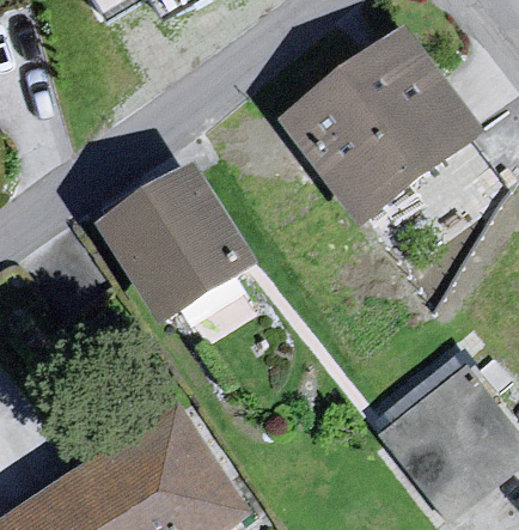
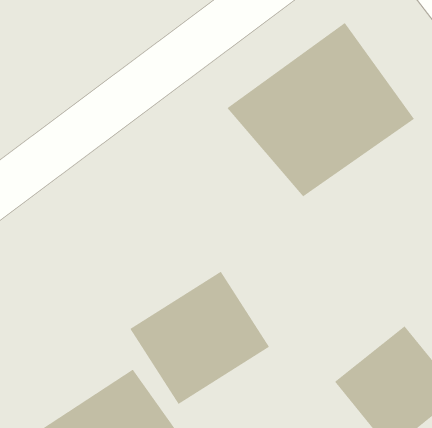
building: [91,165,251,323] -> none
building: none -> [129,271,270,405]

